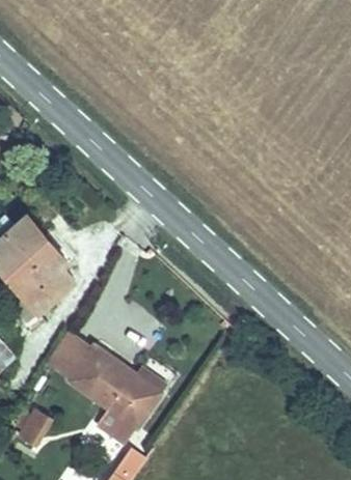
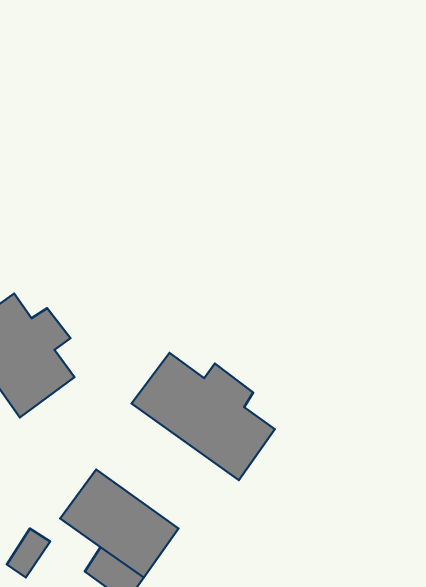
building: none -> [131,353,275,480]
building: [47,337,91,387] -> none

